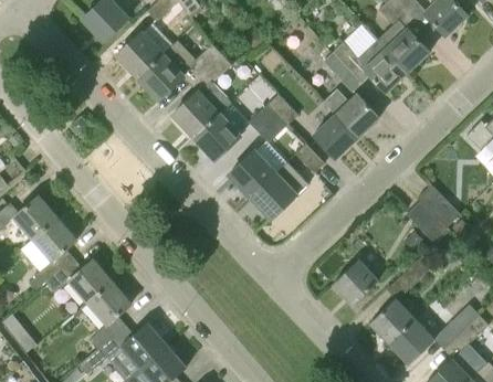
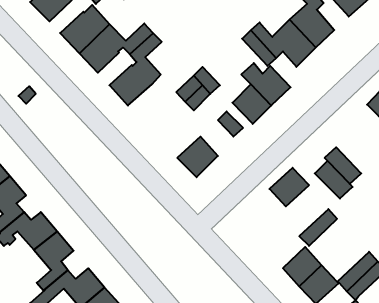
building: [193,114,242,161] -> none
building: [229,150,276,198] -> none
building: [333,261,378,305] -> [269,168,309,206]

